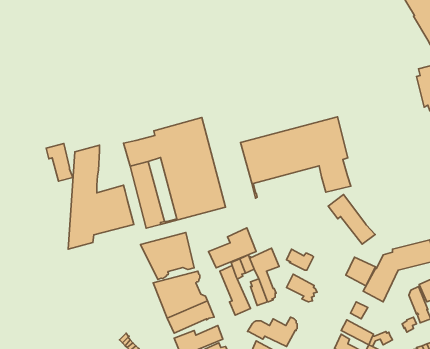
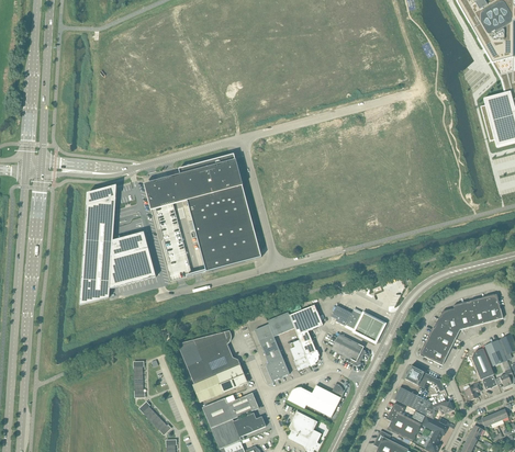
building: [241,117,351,198] -> none
building: [46,144,73,181] -> none
building: [328,194,375,244] -> none
building: [208,228,256,268] -> none
building: [141,233,194,279] -> none
building: [346,257,375,286] -> [352,310,387,343]

